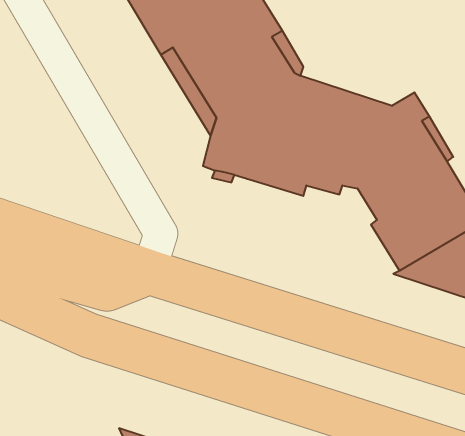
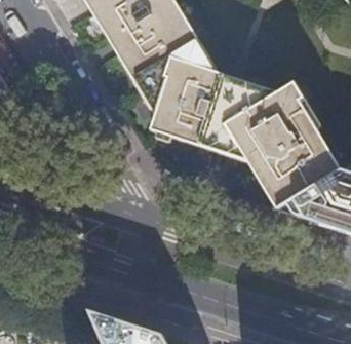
building: none -> [215,144,280,204]

